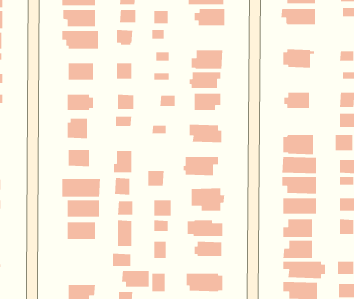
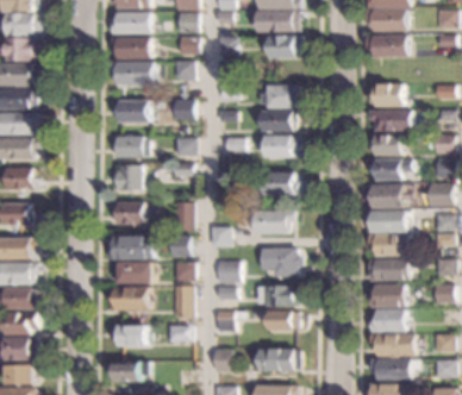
building: none -> [368,111,410,131]
building: none -> [369,159,411,180]
building: [121,270,149,287] -> [111,326,144,346]

